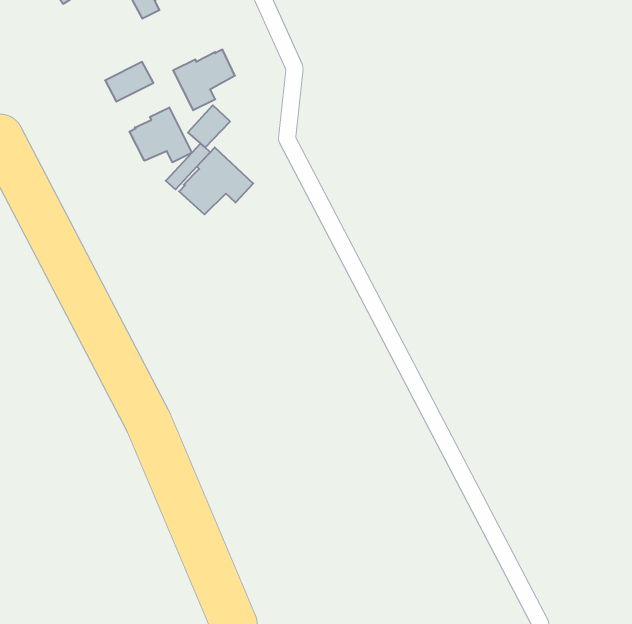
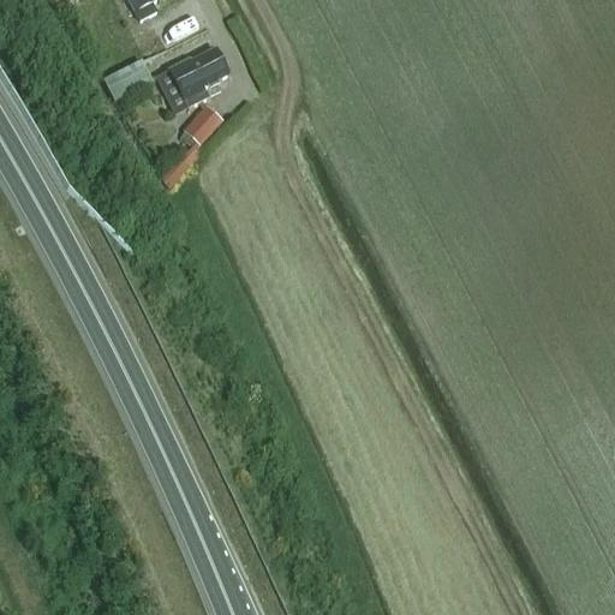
building: [129,107,192,162] -> none
building: [179,147,253,214] -> none

